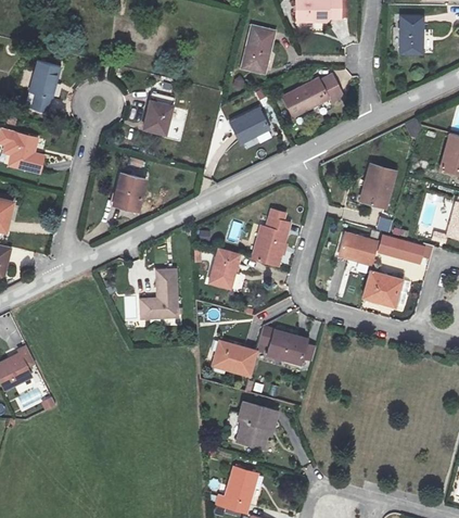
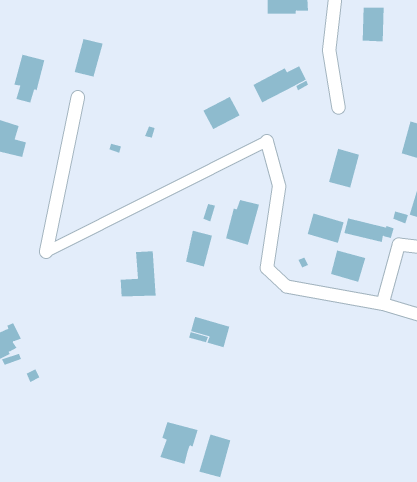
building: [243,26,276,73] -> none
building: [142,92,174,134] -> [74,38,103,77]
building: [114,174,146,211] -> none
building: [258,328,308,361] -> none
building: [237,402,278,447] -> [160,421,198,464]

